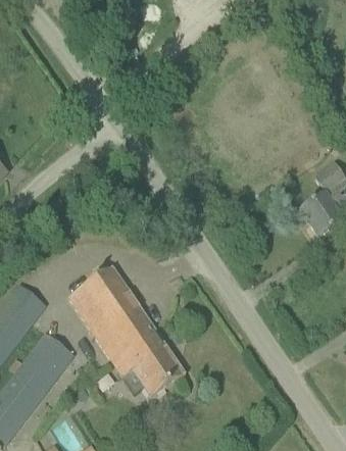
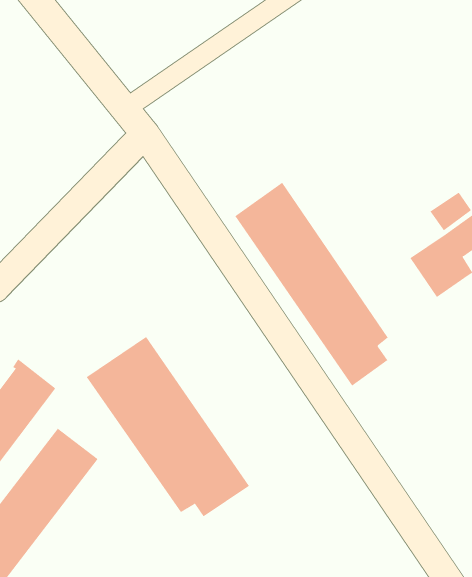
building: none -> [234,182,388,387]

